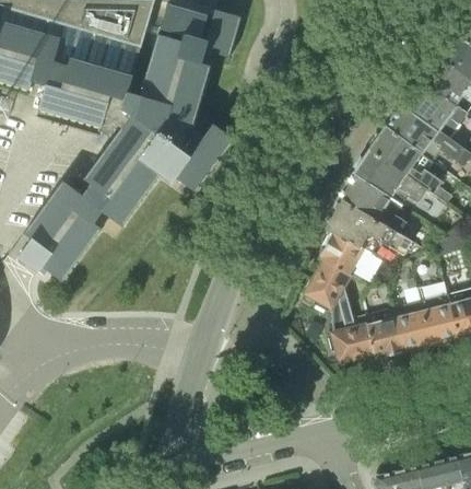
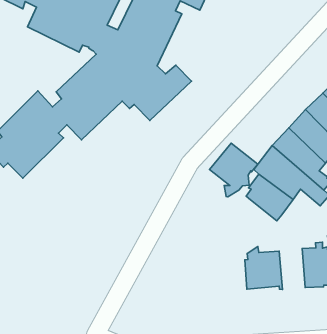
building: [304,263,357,324] -> [209,143,258,197]
building: [366,307,402,358] -> none

